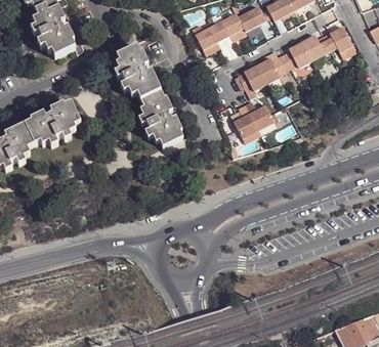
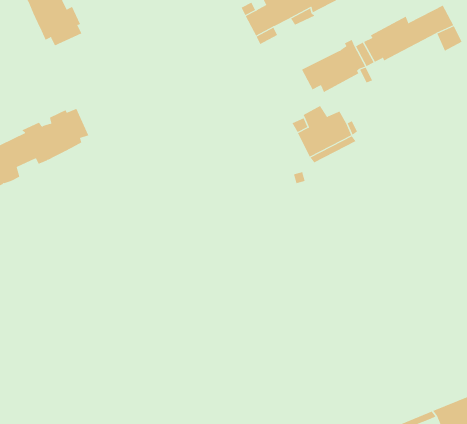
building: [115,45,180,146] -> none

